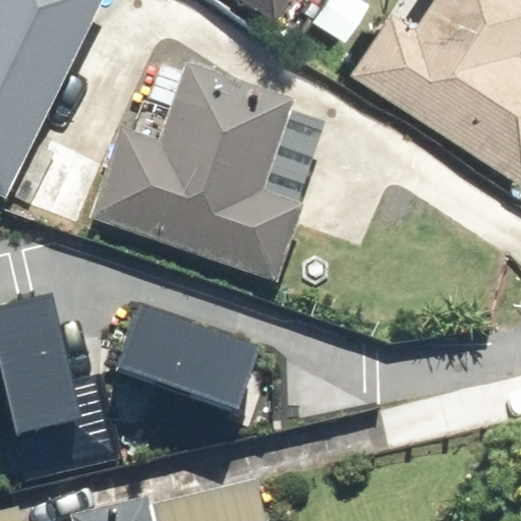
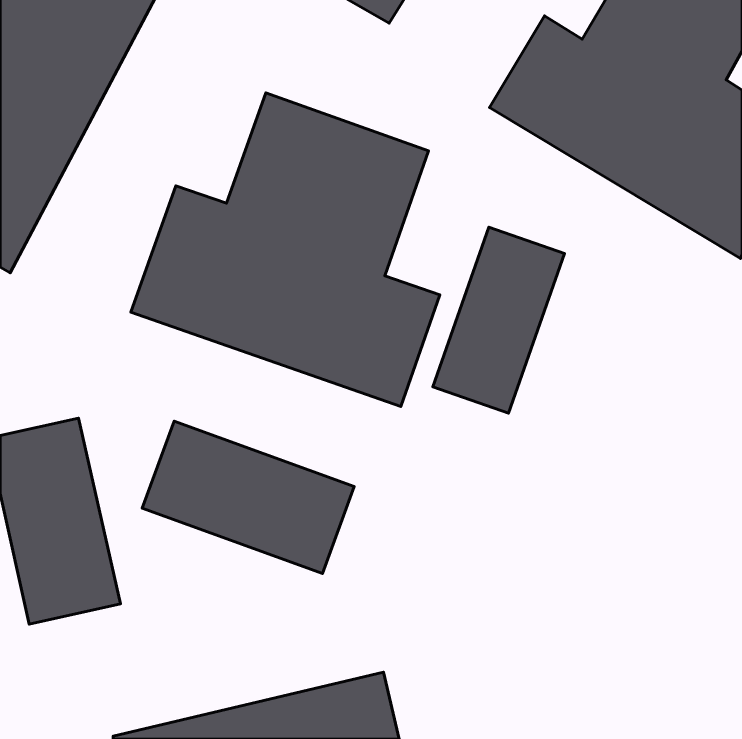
building: none -> [433,227,565,413]

